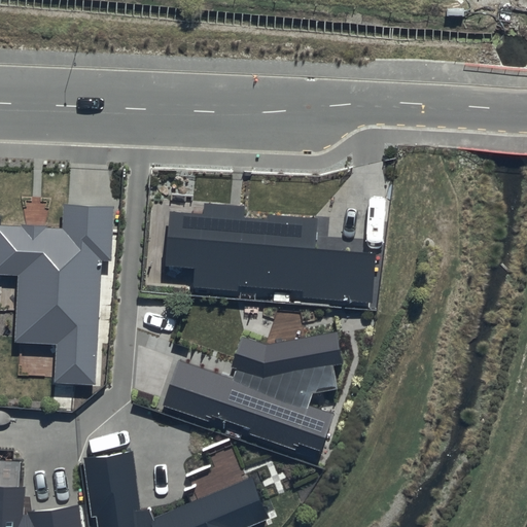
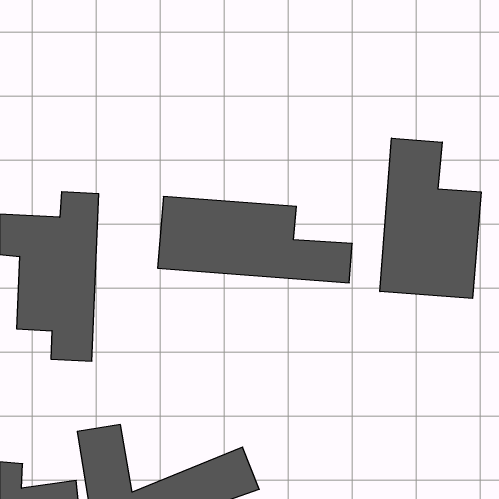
building: none -> [380,138,481,298]
building: [162,337,342,460] -> none

